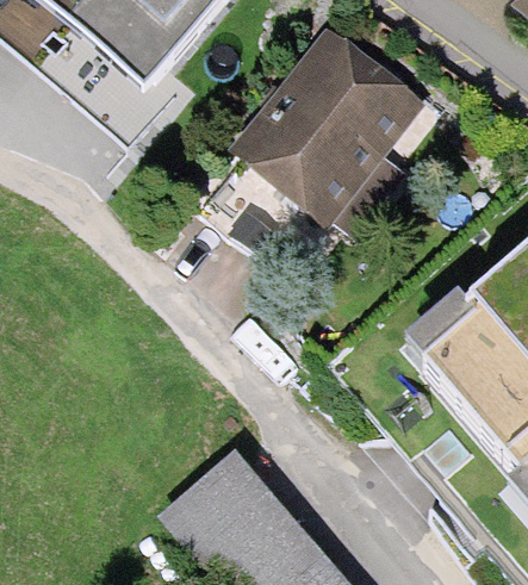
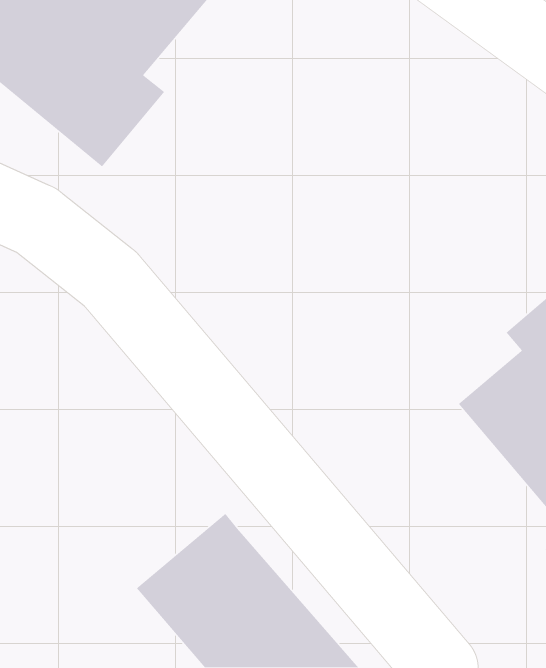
building: [231,23,425,222] -> none

